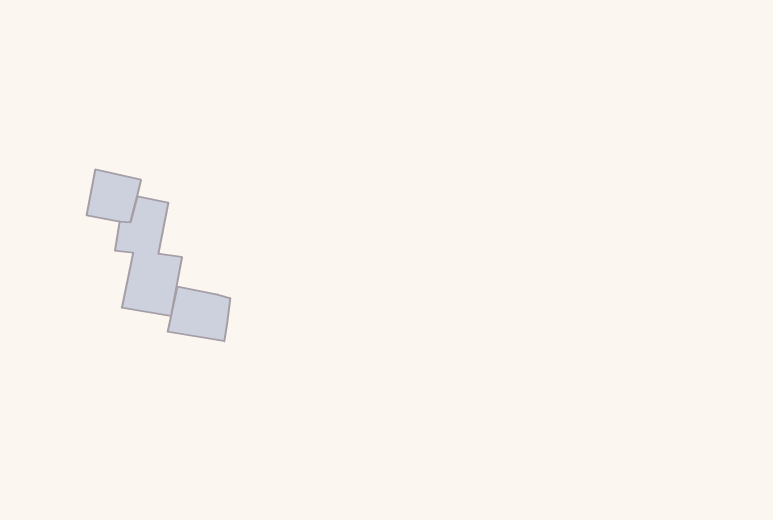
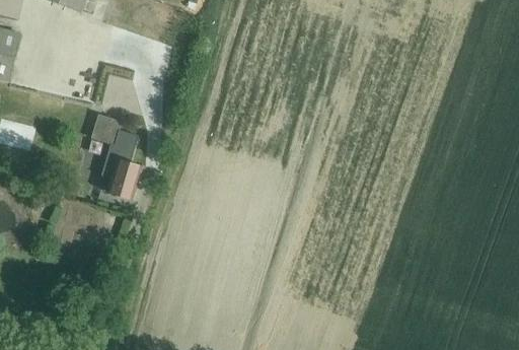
building: [168,286,230,341] -> none

